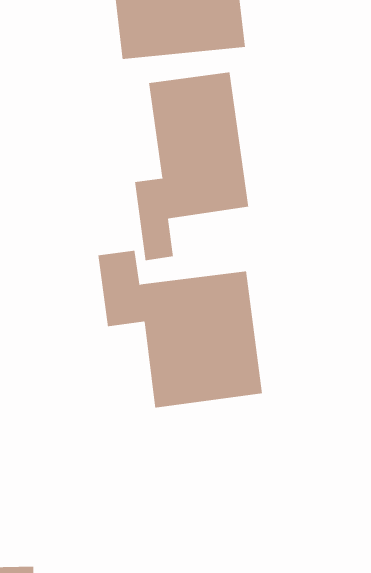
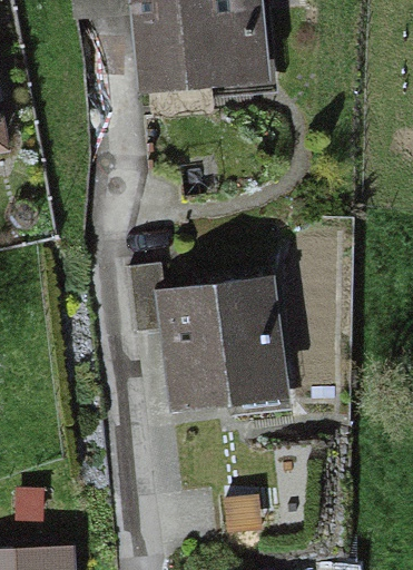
building: [135,72,249,261] -> none

